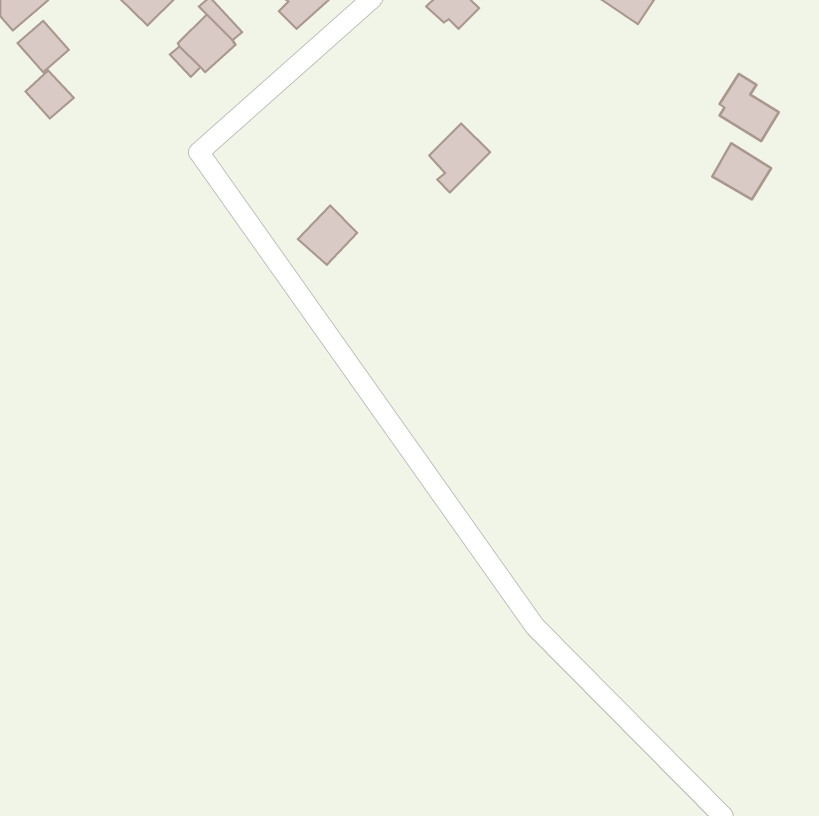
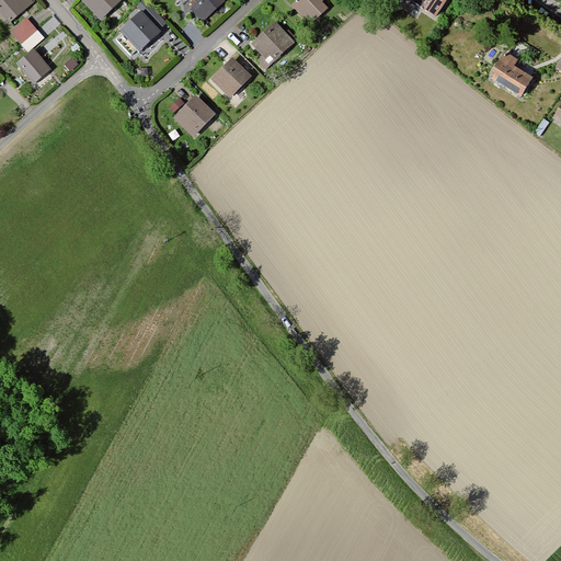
building: none -> [211,57,251,95]
building: [429,123,490,192] -> [252,21,294,68]
building: [712,143,771,199] -> none
building: [298,206,357,265] -> [173,94,214,135]

